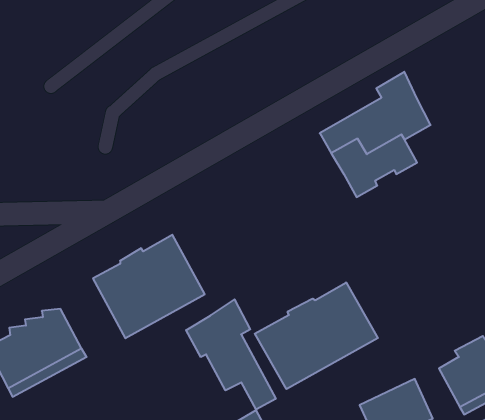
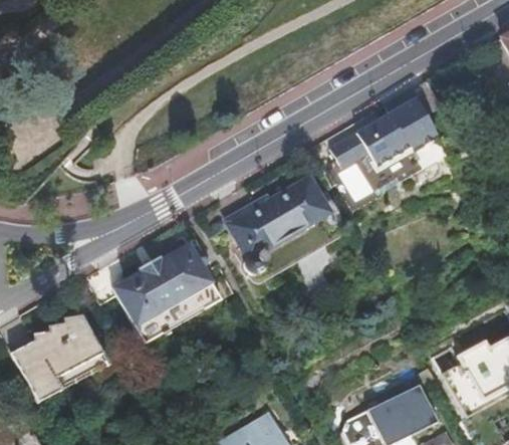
building: none -> [224,177,338,273]
building: [255,282,378,389] -> none
building: [186,299,276,409] -> none

